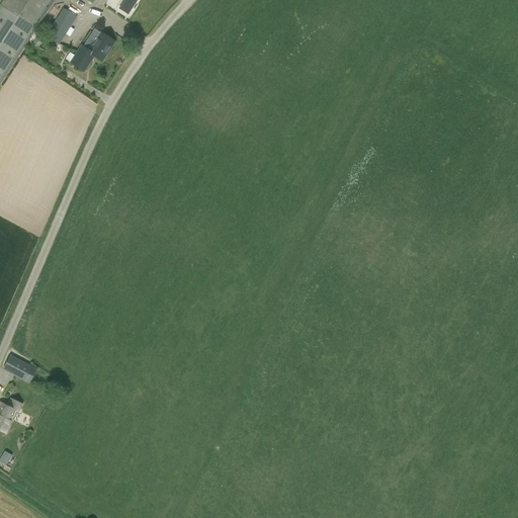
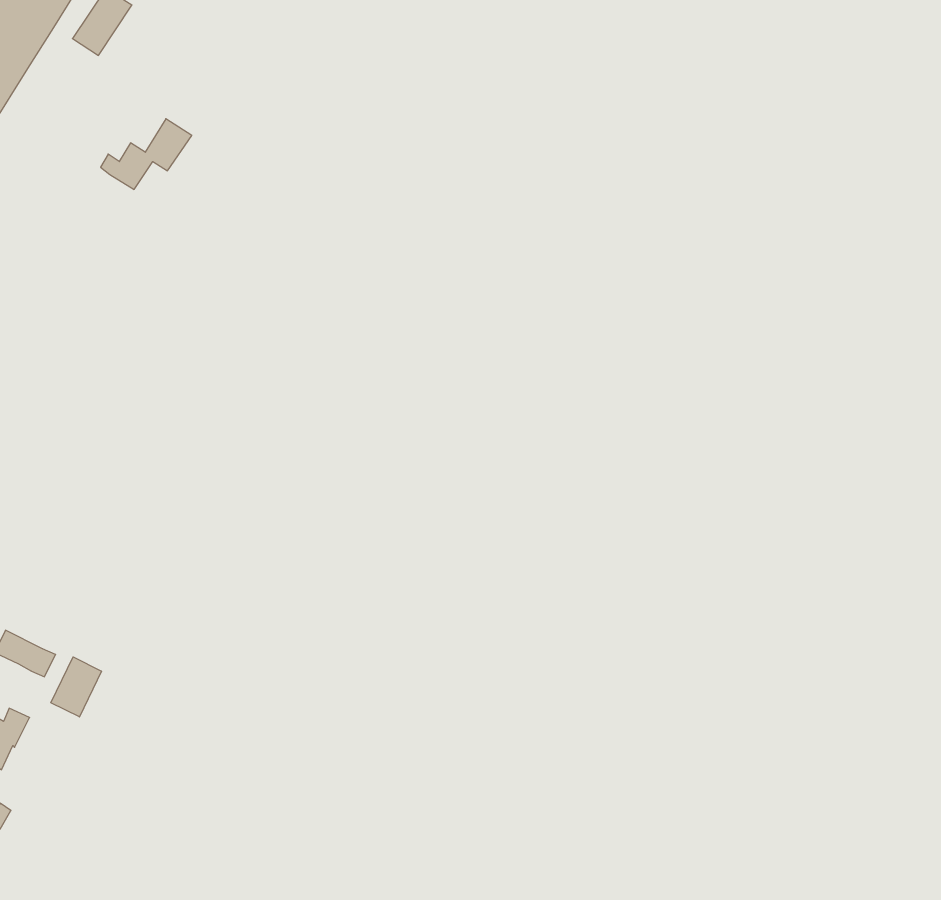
building: [65,30,114,69] -> [101,119,192,189]
building: none -> [51,657,101,717]

